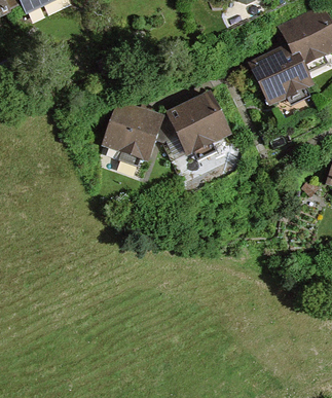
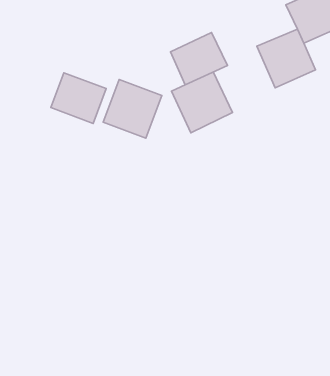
building: none -> [171,33,227,85]
building: none -> [51,73,106,123]

